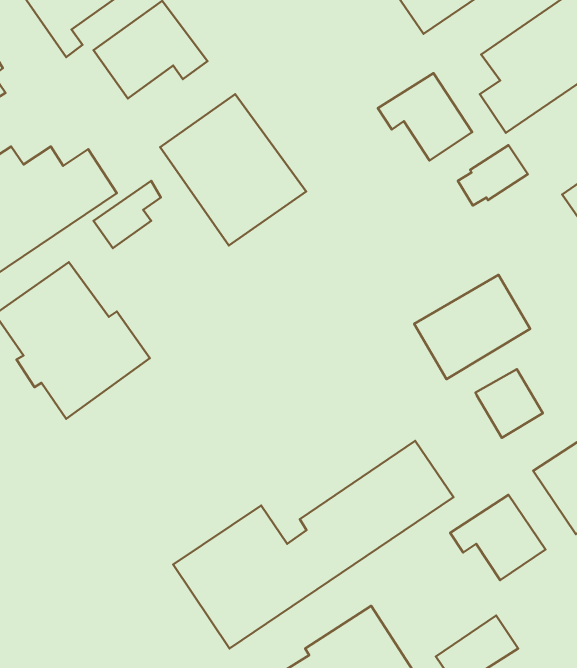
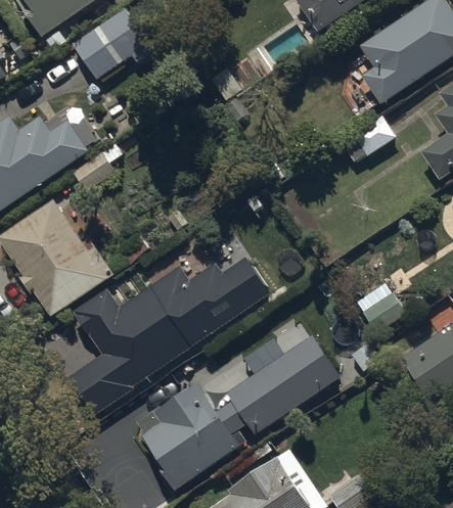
building: [378,73,472,161] -> none
building: [160,94,306,245] -> none
building: [414,275,530,379] -> none
building: none -> [63,251,269,412]
building: [450,495,545,580] -> none

